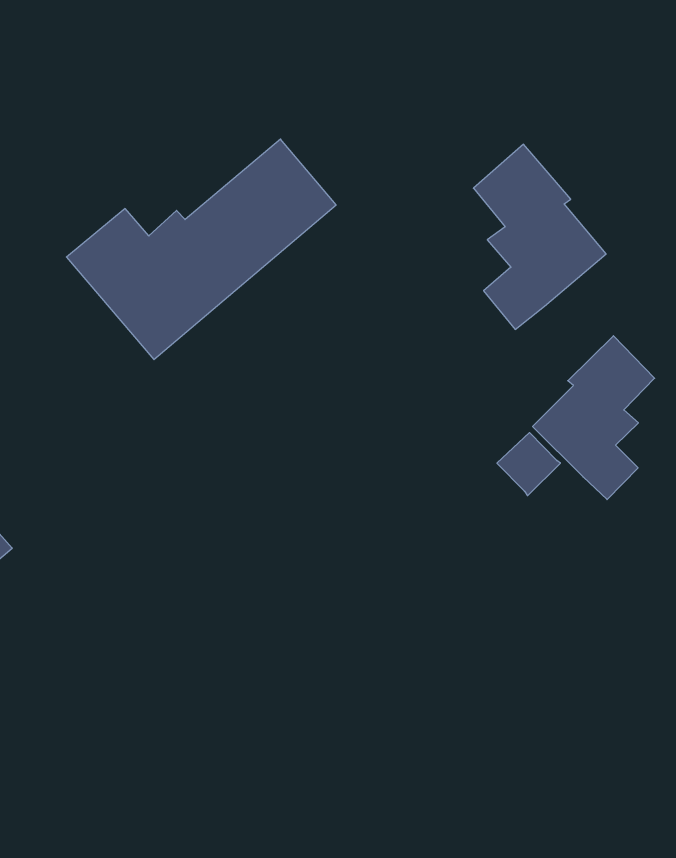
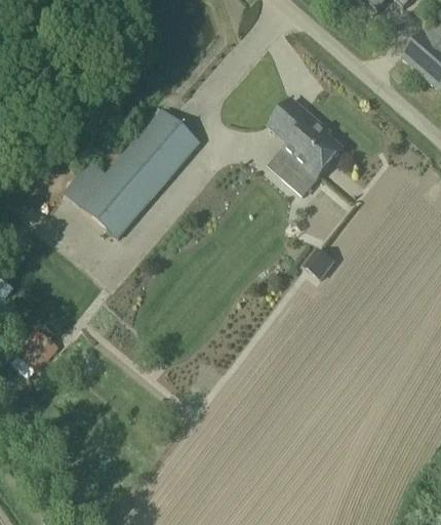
building: [533,336,655,500] -> none

